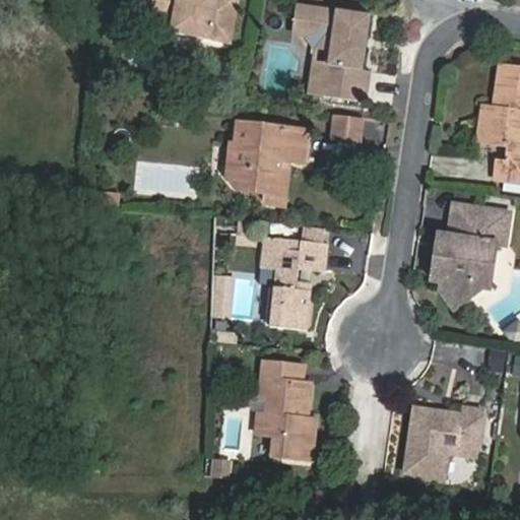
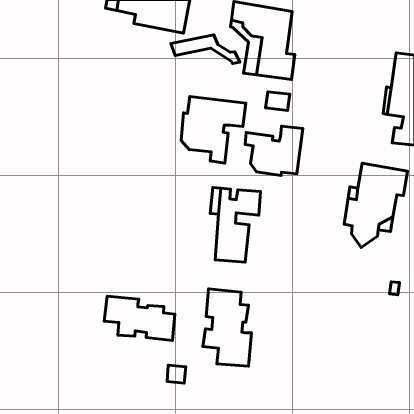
building: none -> [171,35,240,64]
building: none -> [245,126,303,176]
building: none -> [104,296,175,340]
building: [405,402,482,473] -> none

